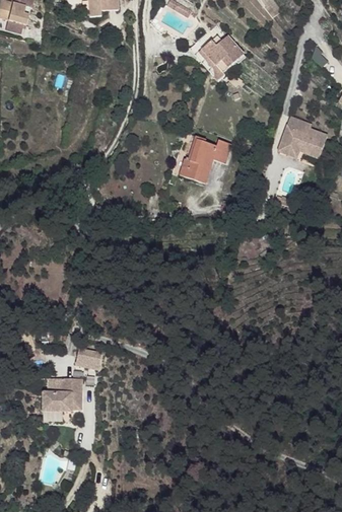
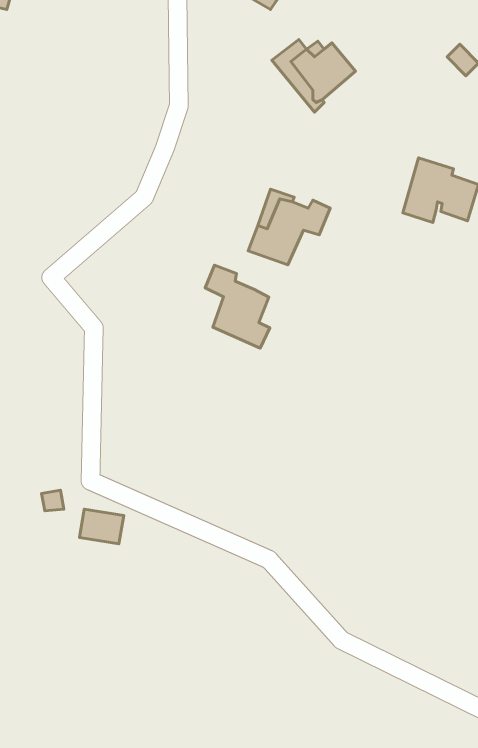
building: none -> [205,265,270,348]
building: [42,375,79,407] -> none

